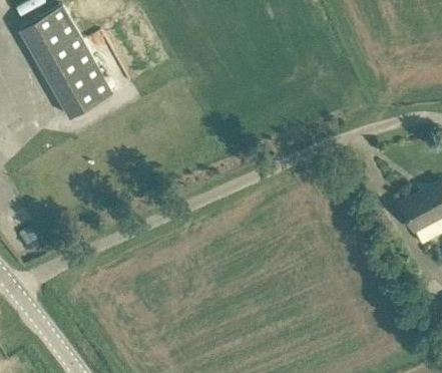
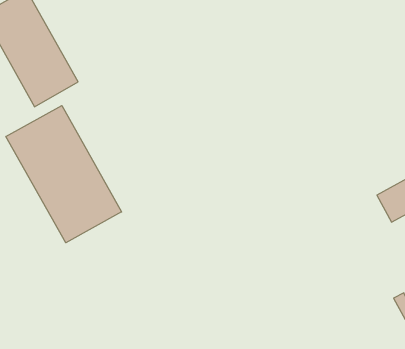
building: none -> [6,106,122,243]

